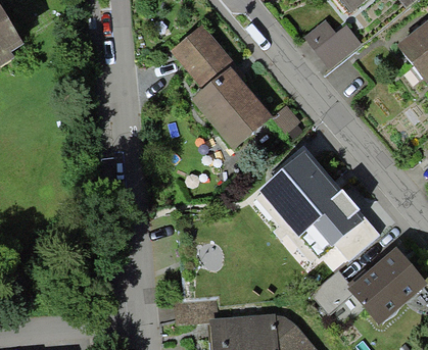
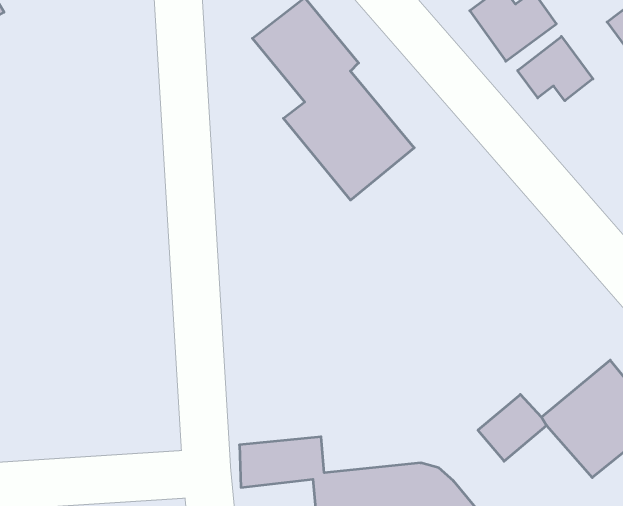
building: none -> [518,36,593,101]
building: [254,143,383,269] -> none

